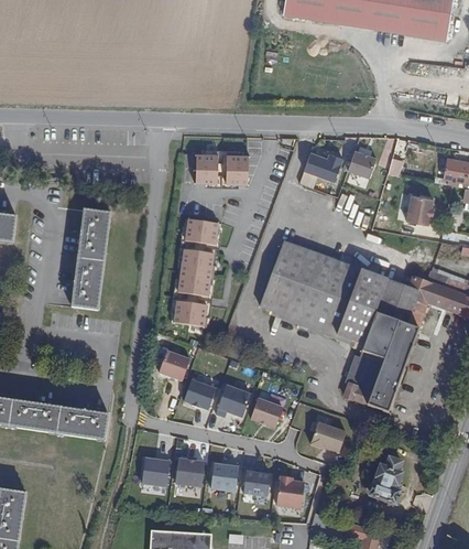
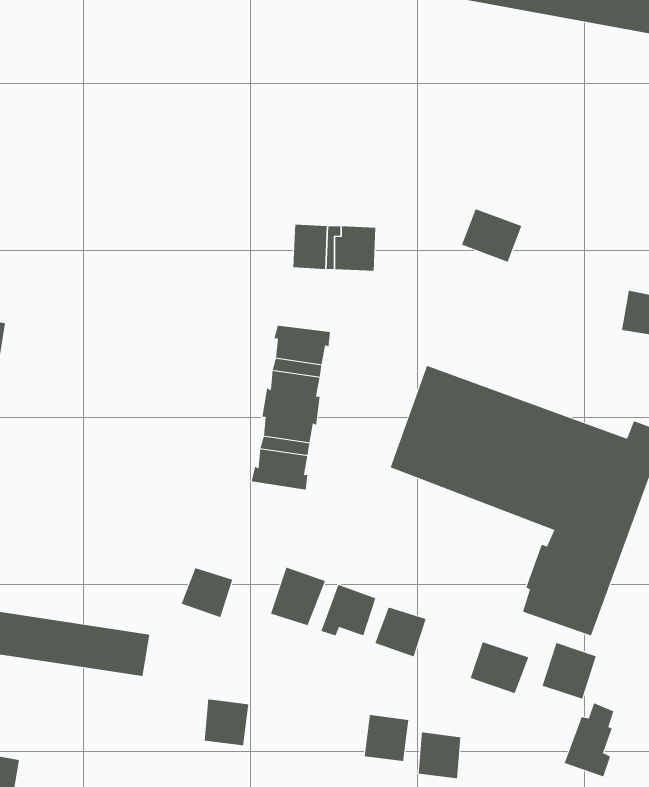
building: [347,148,375,175] -> none
building: [70,209,109,310] -> none
building: [157,348,190,380] -> [181,567,233,618]
building: none -> [542,642,597,700]
building: [175,456,203,486] -> none
building: [211,461,240,491] -> none

